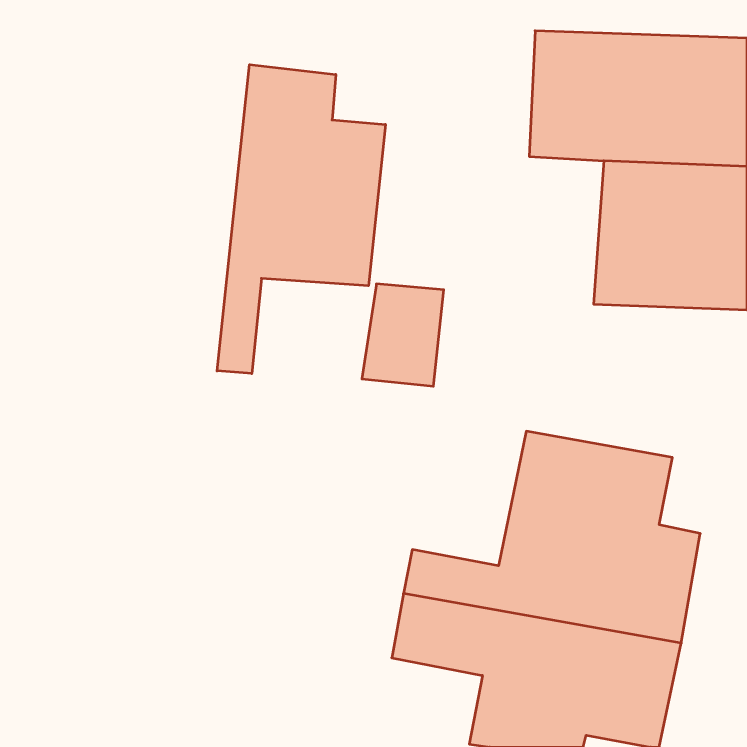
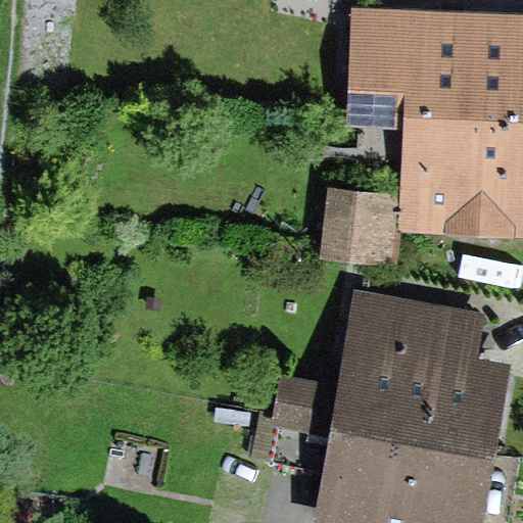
building: [217,65,385,374] -> none
building: [362,284,444,386] -> [323,187,380,258]

